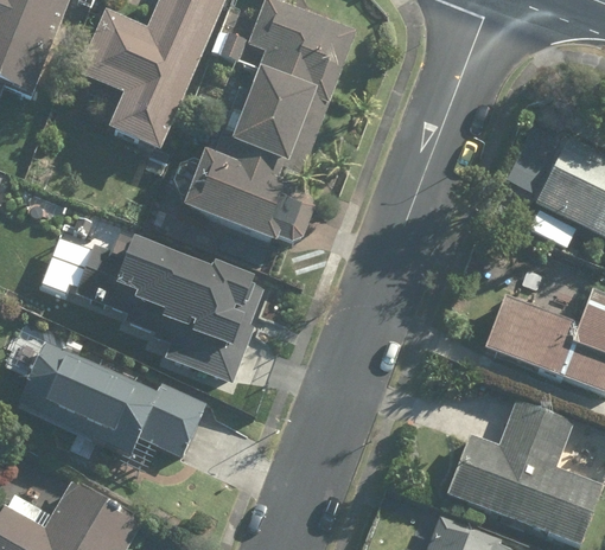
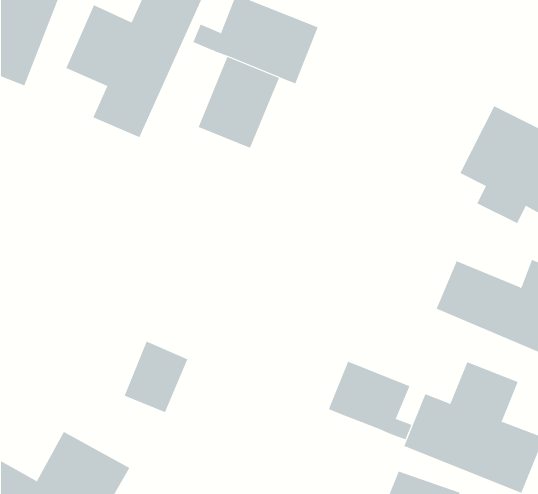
building: [174,145,312,251] -> none
building: [42,219,275,376] -> none
building: [15,345,155,455] -> none
building: none -> [328,361,412,440]

